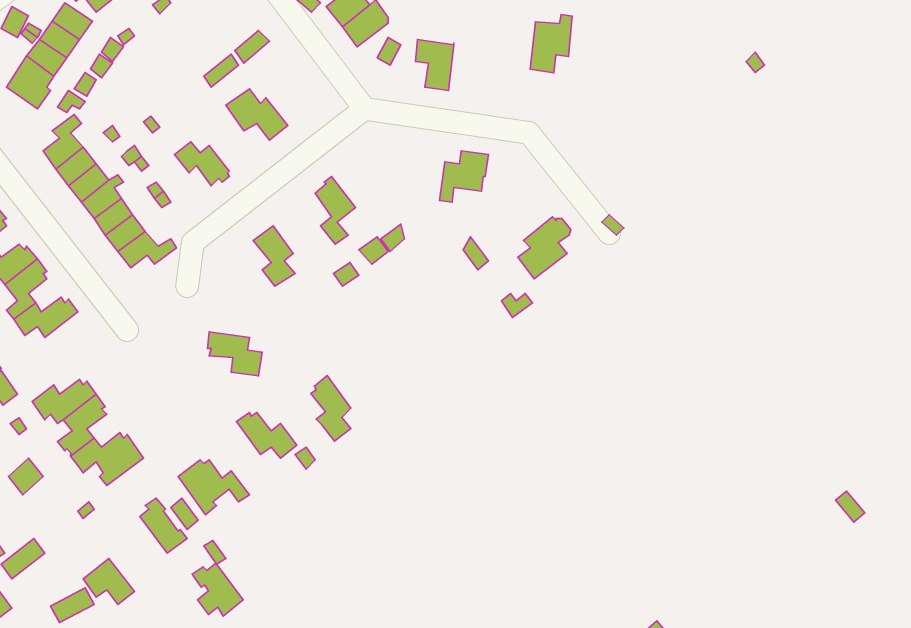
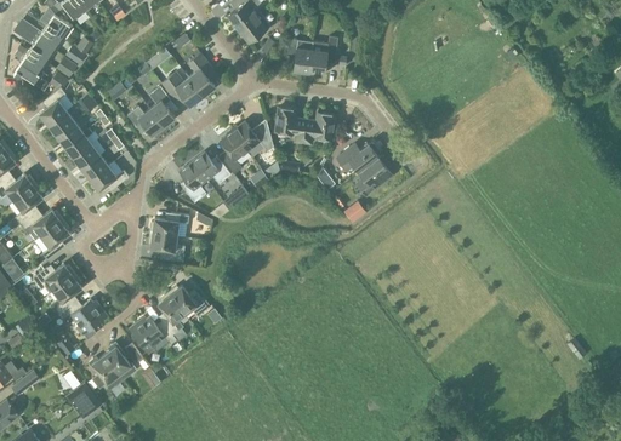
building: [530,14,572,73] -> [308,36,336,75]
building: none -> [187,53,215,96]
building: none -> [148,86,173,126]
building: none -> [275,108,306,145]
building: none -> [230,121,273,150]
building: none -> [335,144,378,172]
building: none -> [192,153,230,184]
building: none -> [149,213,188,236]
building: none -> [40,219,68,259]
building: [311,375,351,441] -> [156,292,183,336]
building: [192,563,243,616] -> [87,355,121,390]

